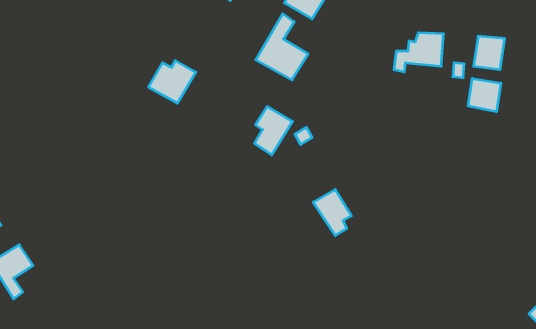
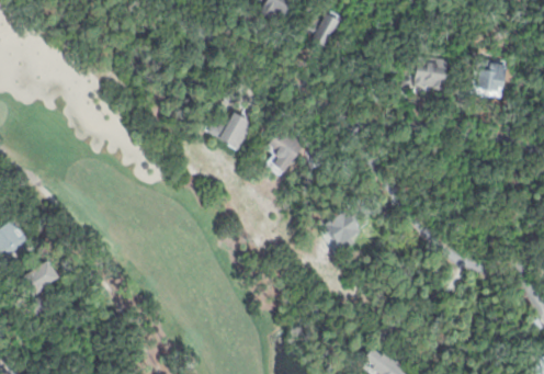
building: [256,14,308,80] -> none
building: [149,61,196,103] -> [209,113,254,154]
building: [468,78,501,112] -> none

